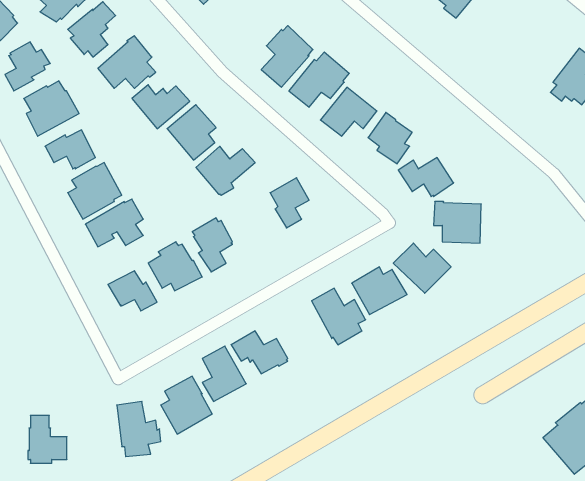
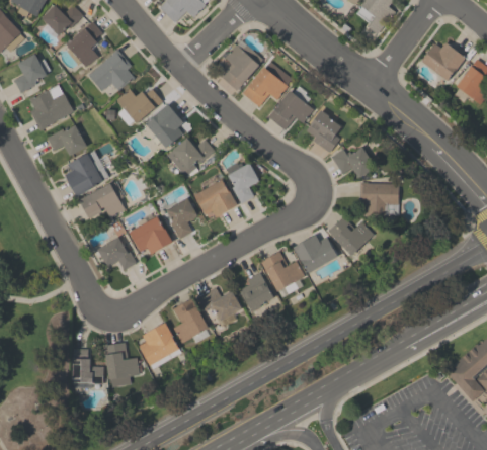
building: none -> [421,42,465,81]
building: none -> [194,179,237,216]
building: none -> [239,272,273,312]
building: [28,415,67,463] -> [72,349,103,387]

